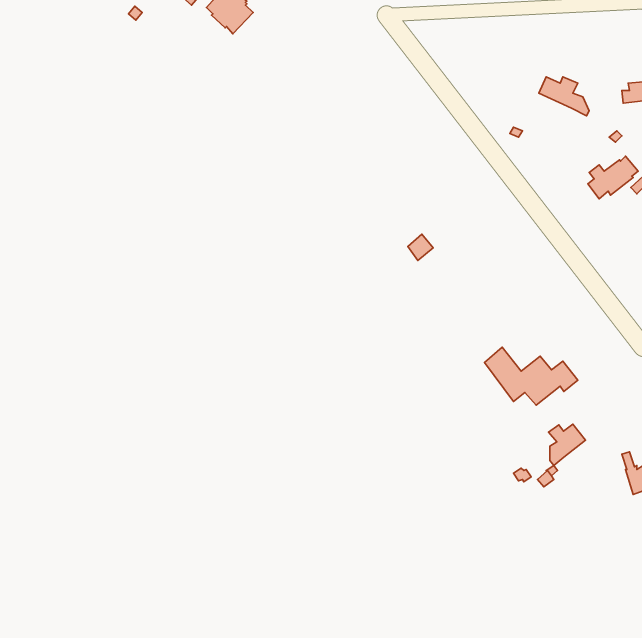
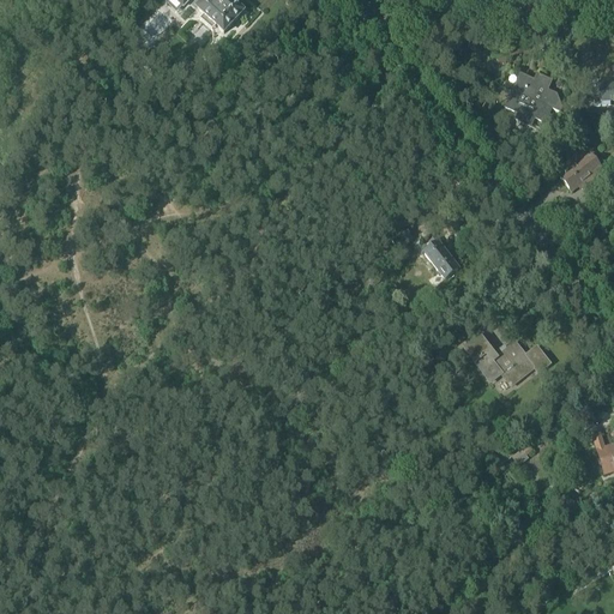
building: none -> [507,89,553,125]
building: none -> [426,235,459,278]
building: [549,424,585,466] -> none

